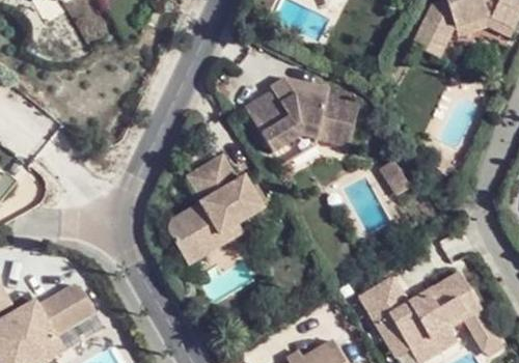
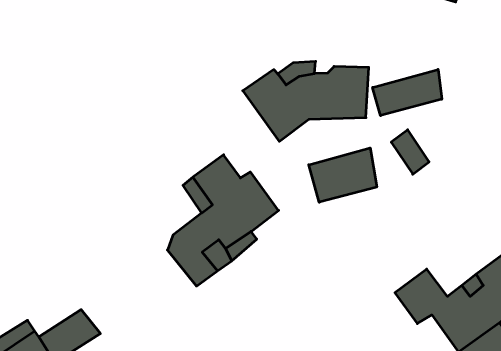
building: none -> [373,69,442,116]
building: none -> [309,148,377,202]

